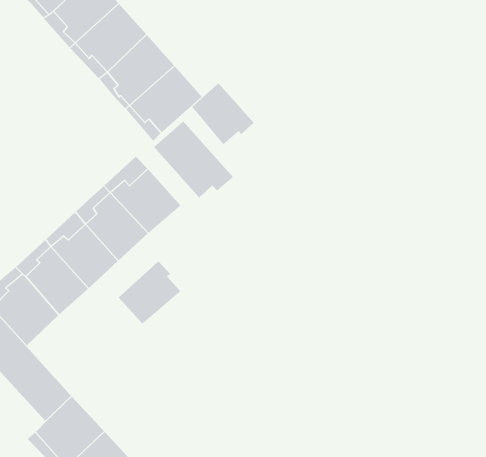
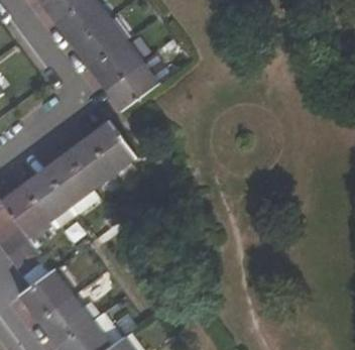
building: [191,82,254,145] -> none
building: [153,120,234,198] -> none
building: [118,261,181,324] -> none

